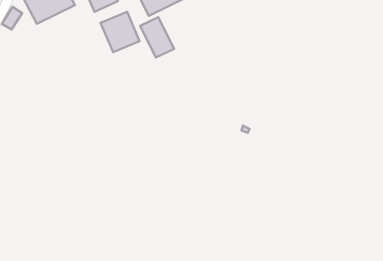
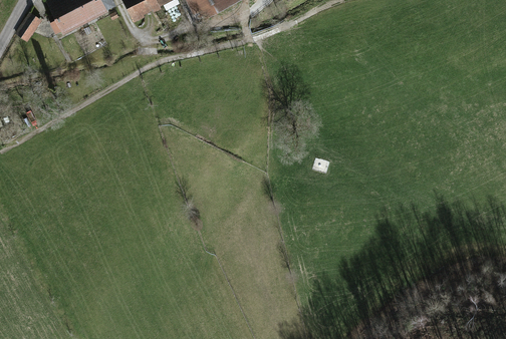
building: [101,12,140,52] -> none
building: [140,17,174,57] -> none

